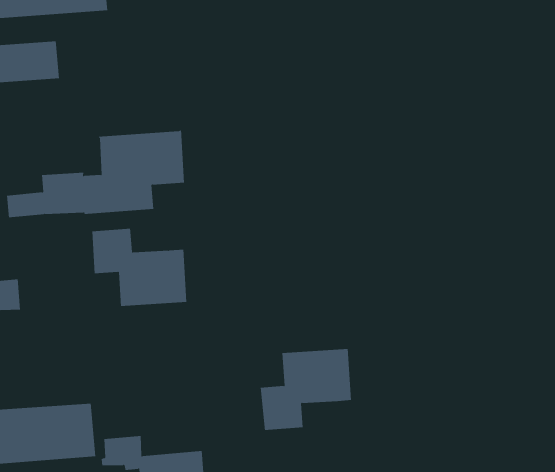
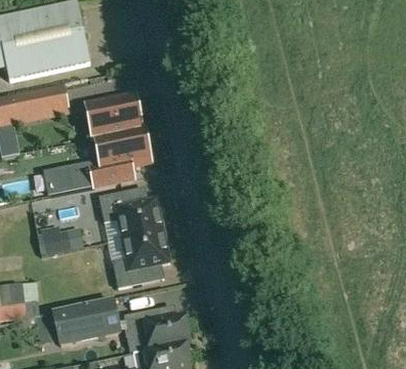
building: none -> [85,94,143,140]
building: [260,349,352,431] -> [112,231,168,287]

